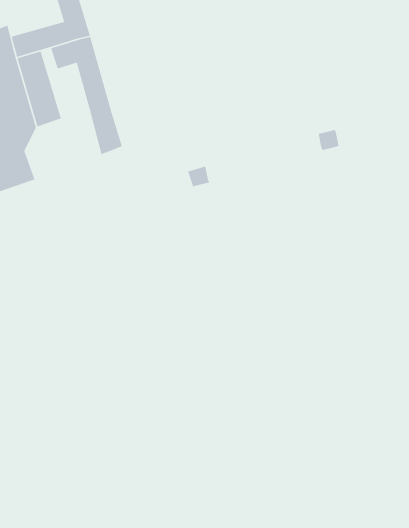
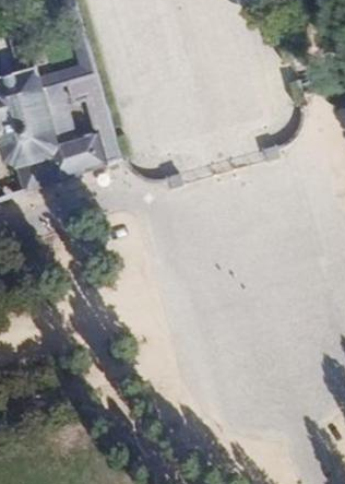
building: none -> [48,131,105,184]

